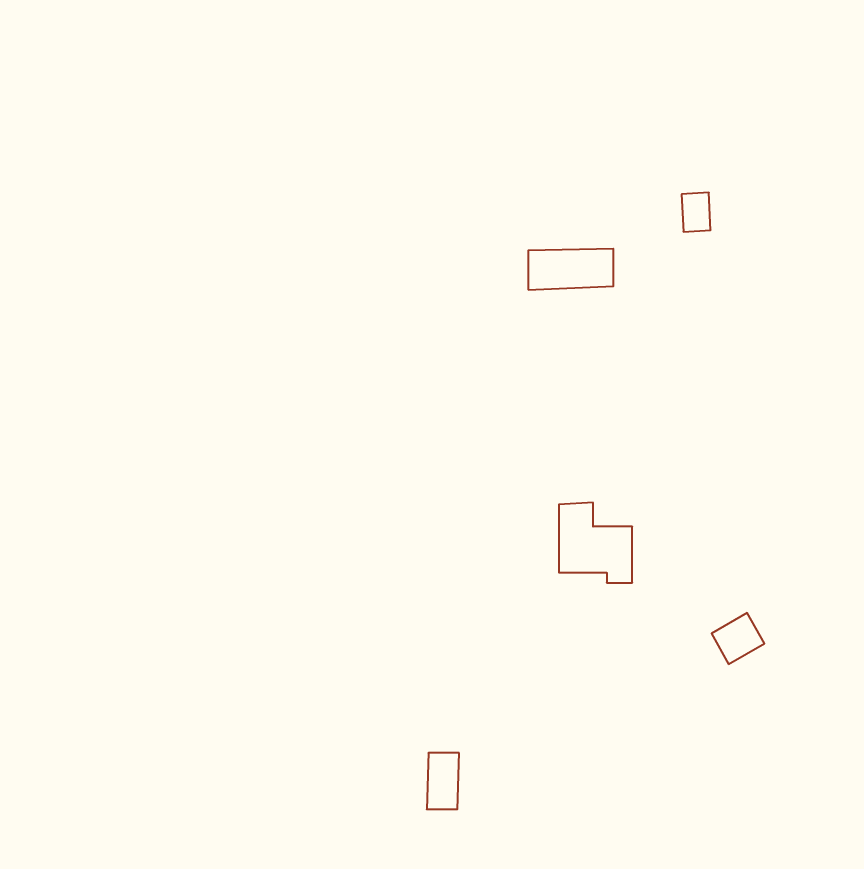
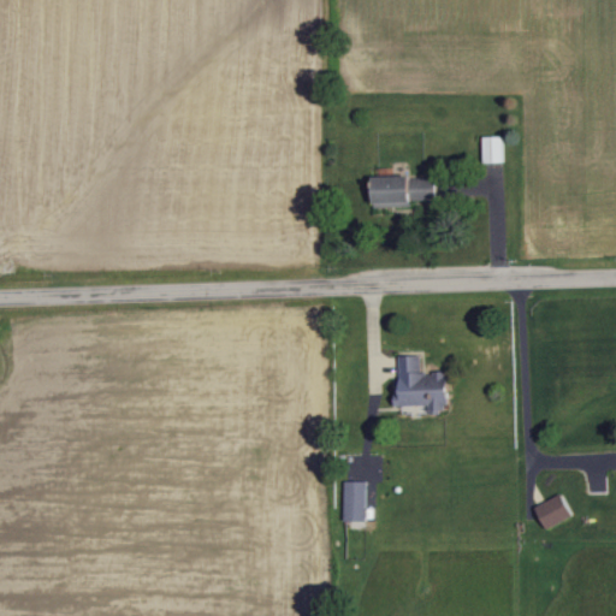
building: [712,613,764,664] -> [533,494,570,531]
building: [427,753,459,809] -> [342,482,365,522]

